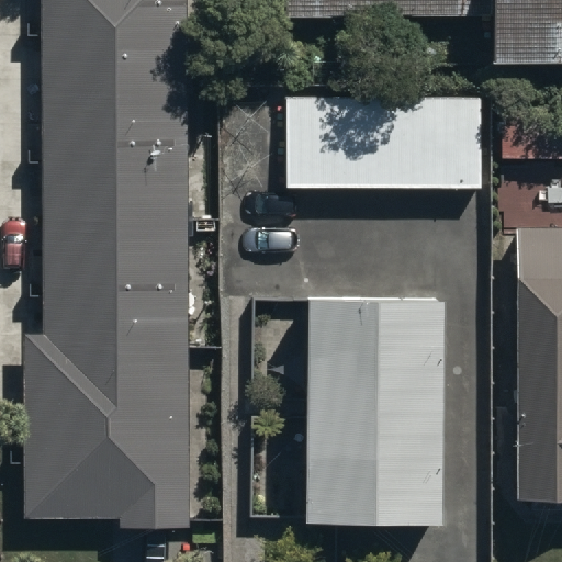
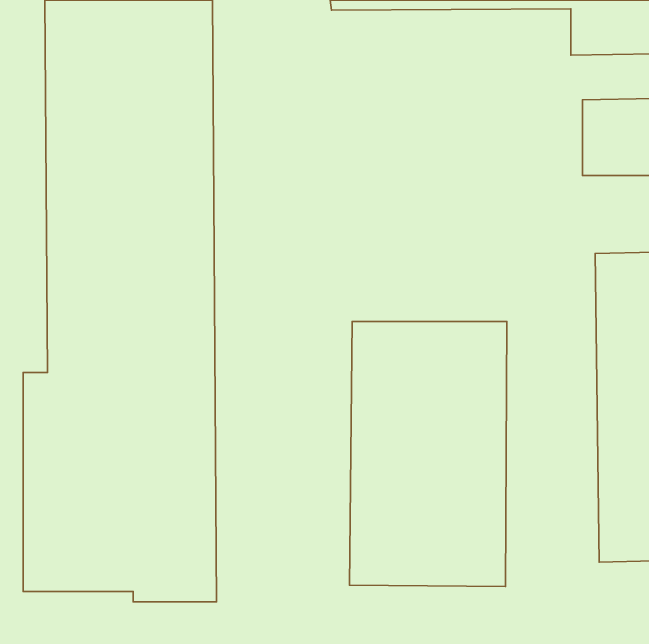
building: [289,99,483,188] -> none

